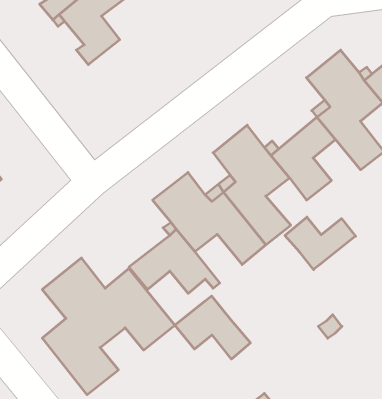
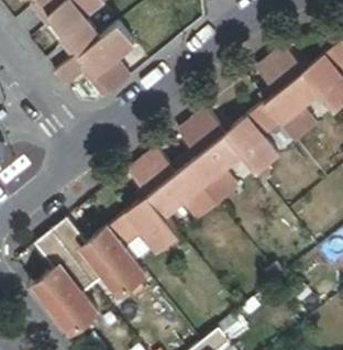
building: none -> [56,21,136,97]
building: [285,217,356,270] -> none
building: [175,296,250,359] -> none

